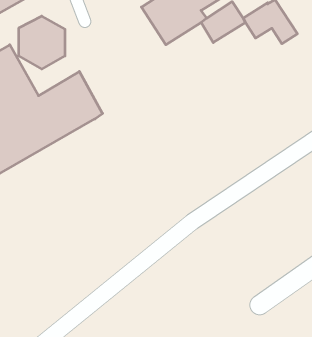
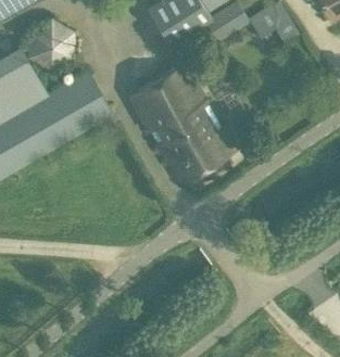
building: none -> [126,65,236,182]

